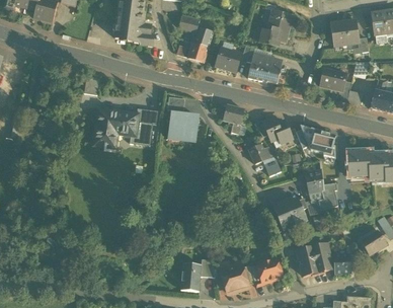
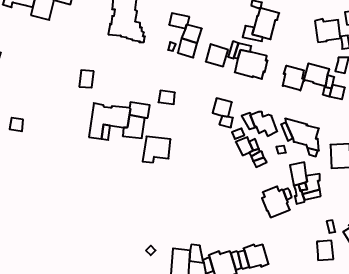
building: none -> [283,66,304,91]
building: [168,112,198,140] -> [143,136,171,162]
building: [297,243,332,276] -> none

